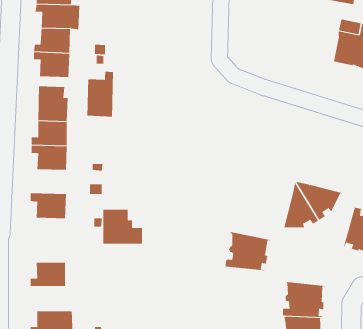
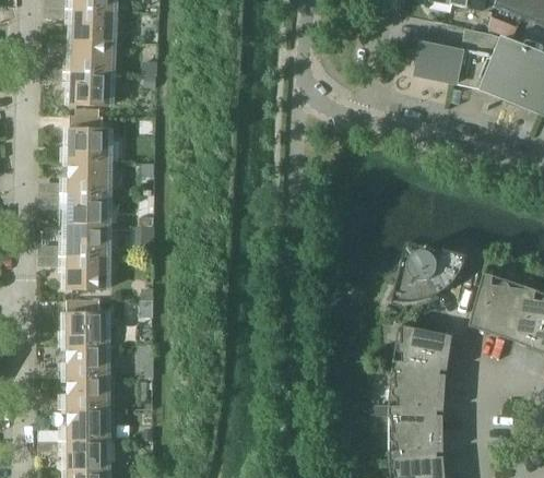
building: none -> [416,43,463,83]
building: [87,71,114,117] -> none
building: none -> [60,224,108,255]
building: [103,209,143,244] -> [68,299,120,345]
building: [224,232,271,271] -> [392,324,453,375]
building: none -> [60,375,116,408]

